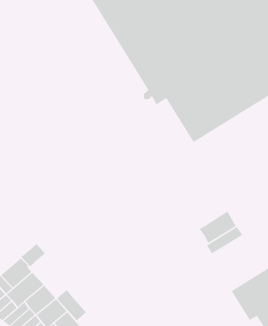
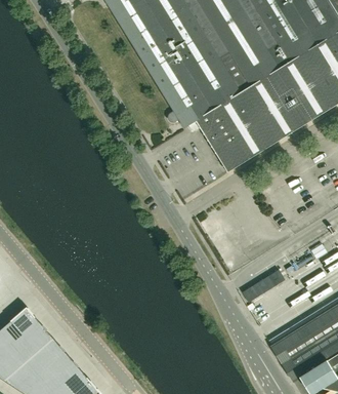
building: [199,211,237,244] -> none
building: [21,243,46,267] -> none
building: [57,289,87,321] -> none

